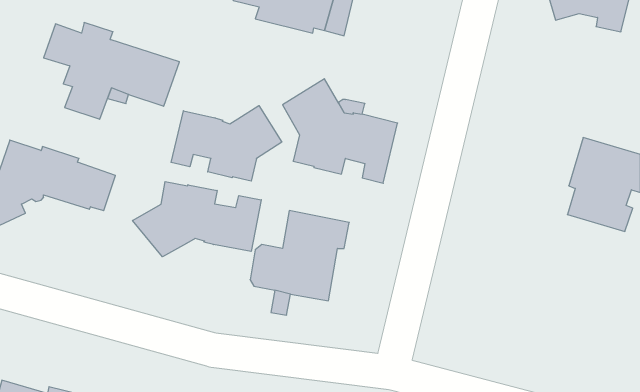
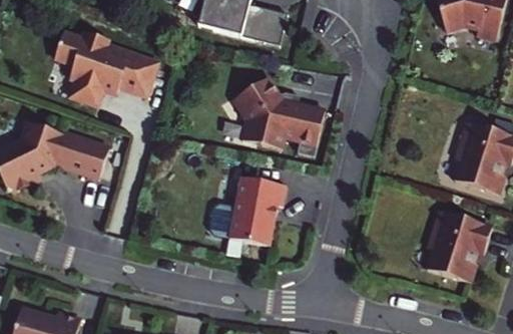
building: [171,106,282,181] -> none
building: [133,182,261,257] -> none
building: none -> [428,209,493,282]

